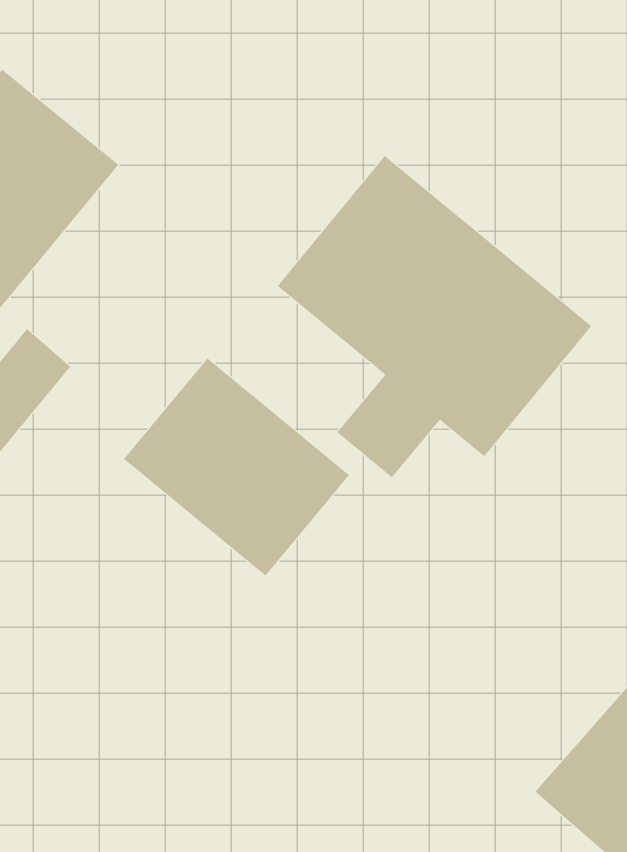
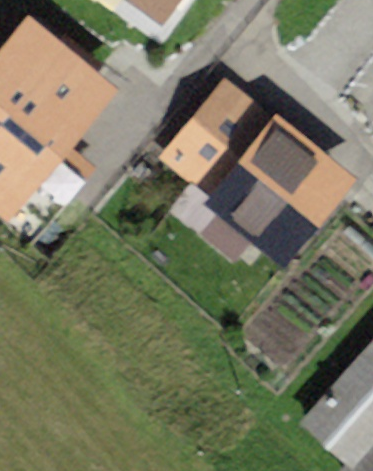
building: [123,358,350,576] -> none

